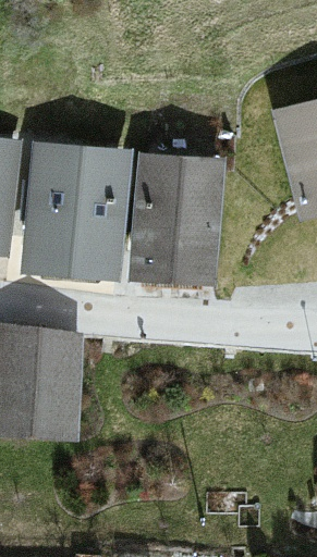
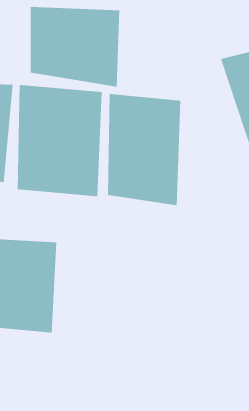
building: none -> [30,6,120,87]

